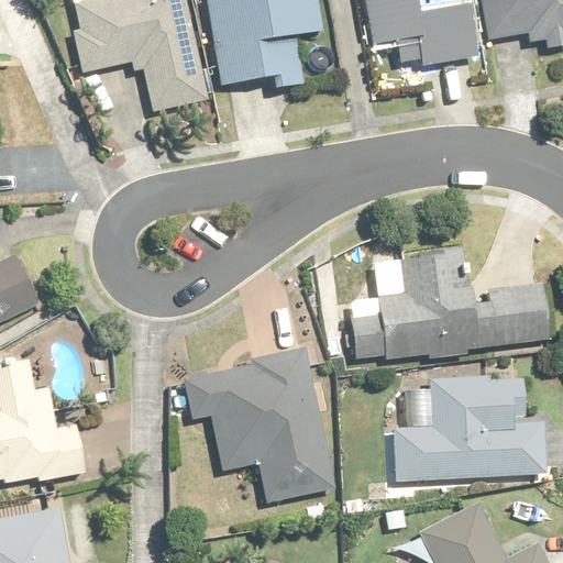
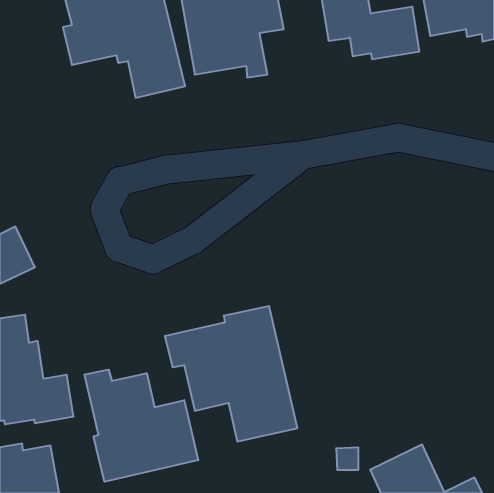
building: [347,245,549,358] -> none
building: [394,377,543,479] -> none
building: none -> [85,370,198,482]

